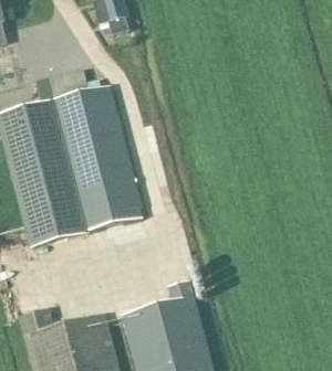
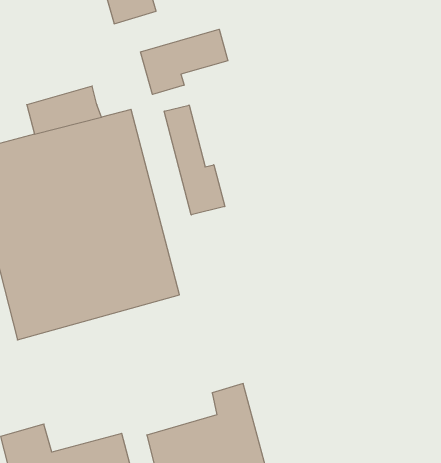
building: none -> [140,29,228,94]
building: none -> [164,105,225,215]

